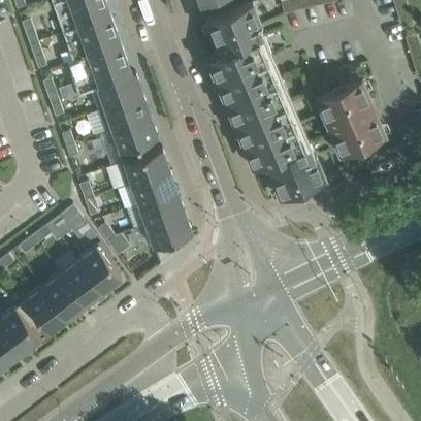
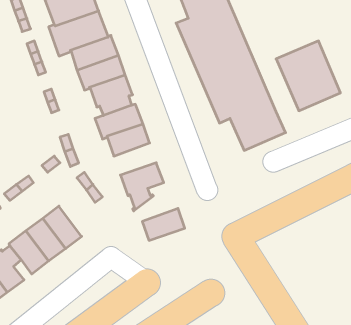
building: [137,191,184,226] -> [142,208,185,240]
building: [77,247,121,293] -> none

